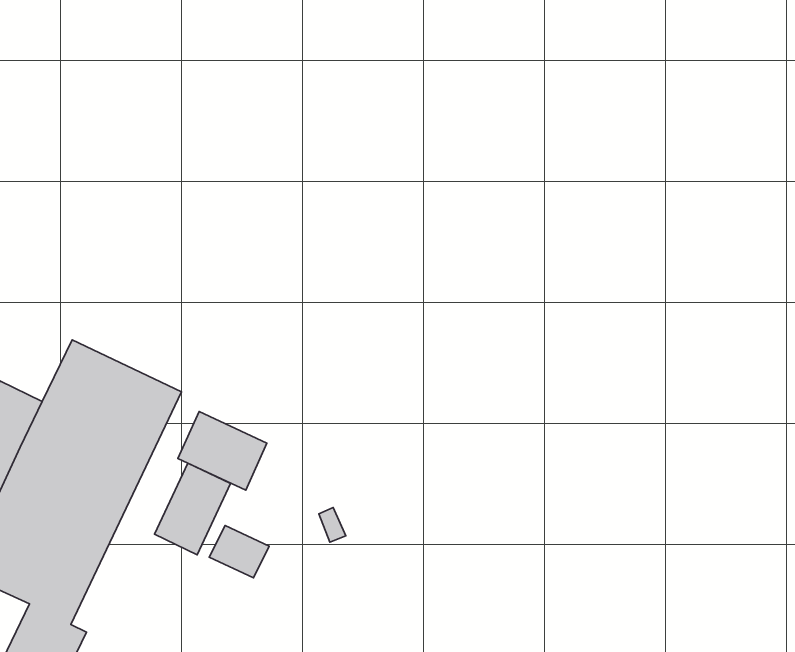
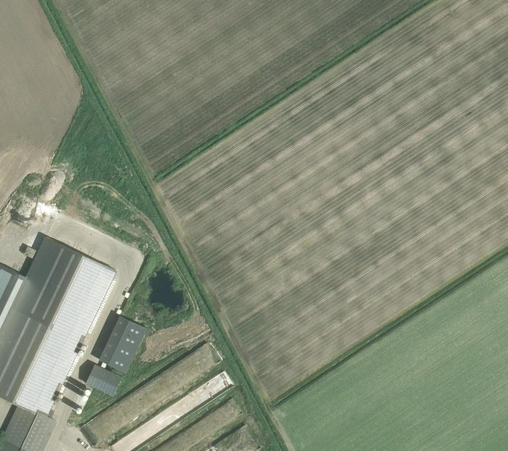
building: [178,412,267,490] -> none
building: [209,526,269,578] -> [86,364,124,397]

